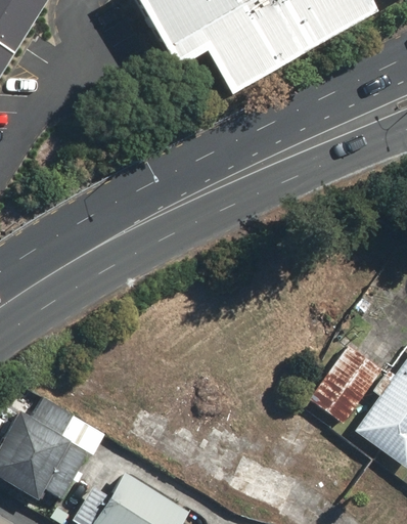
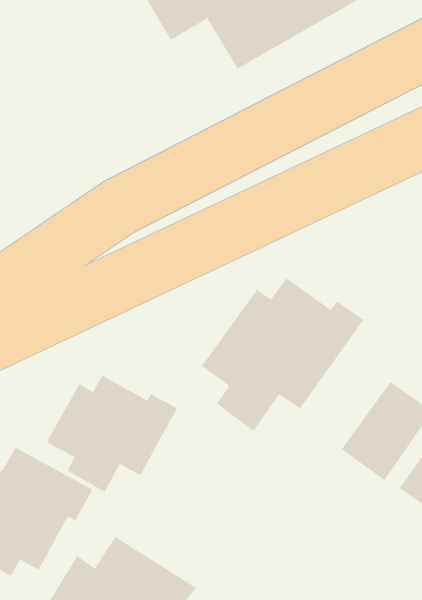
building: none -> [201,277,364,432]
building: none -> [46,375,178,493]

